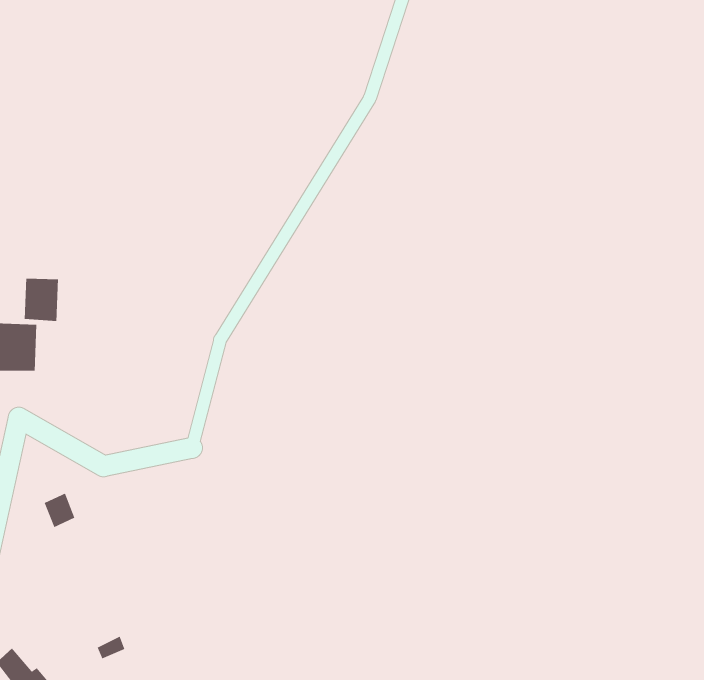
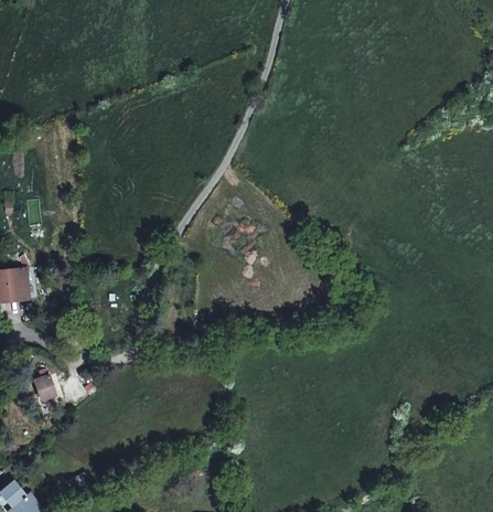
building: [24,278,58,322] -> none

